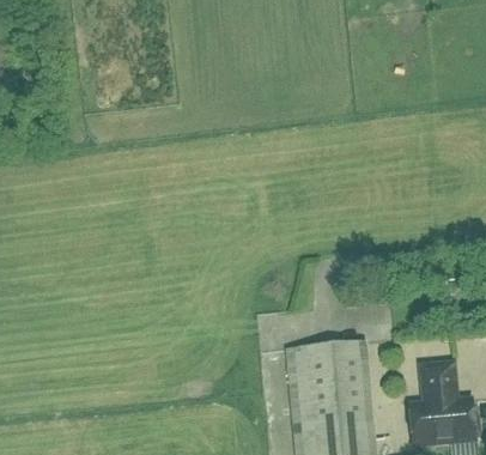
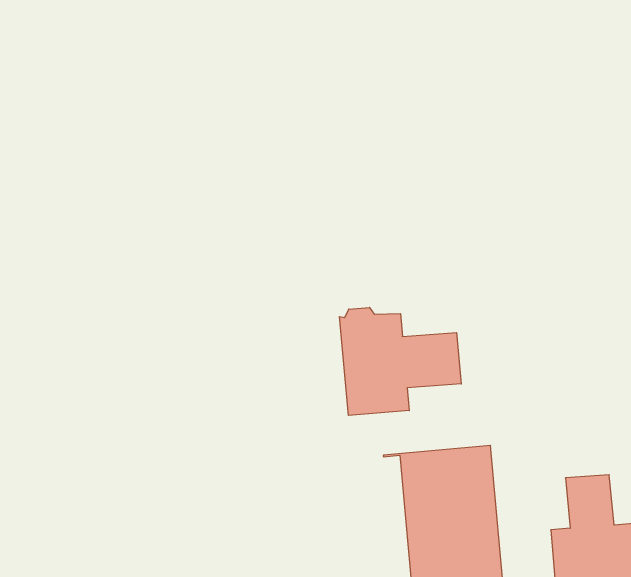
building: none -> [339,307,461,415]

